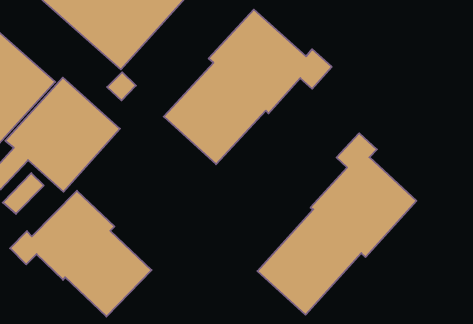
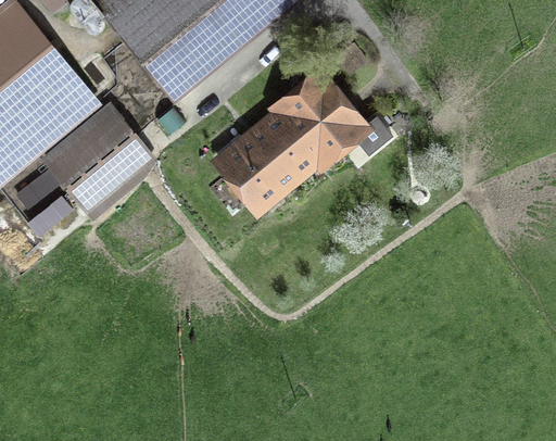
building: [257,133,416,315] -> none
building: [10,191,152,317] -> none

